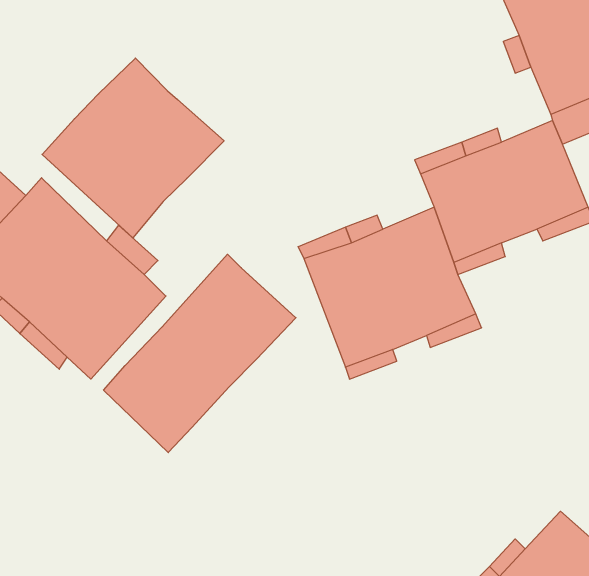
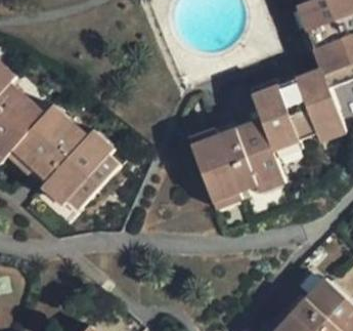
building: [42,58,224,238] -> none
building: [104,254,296,453] -> none

